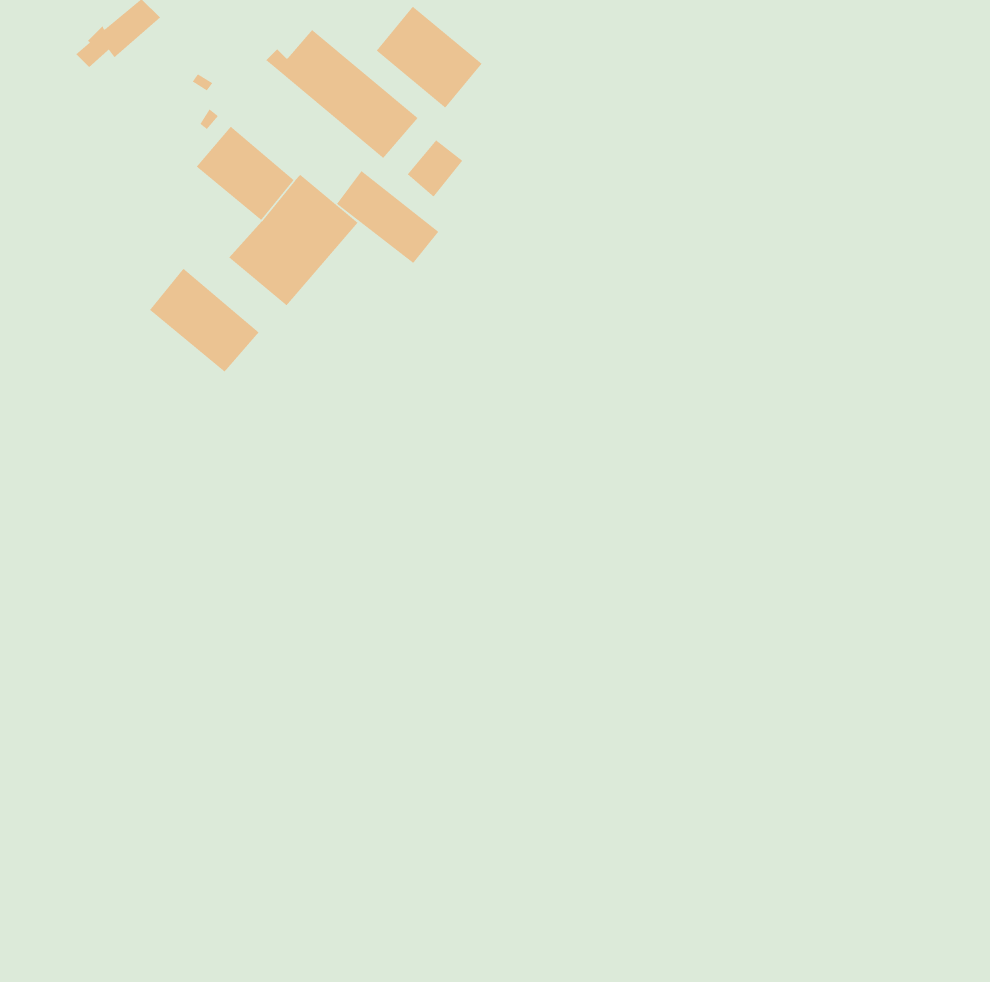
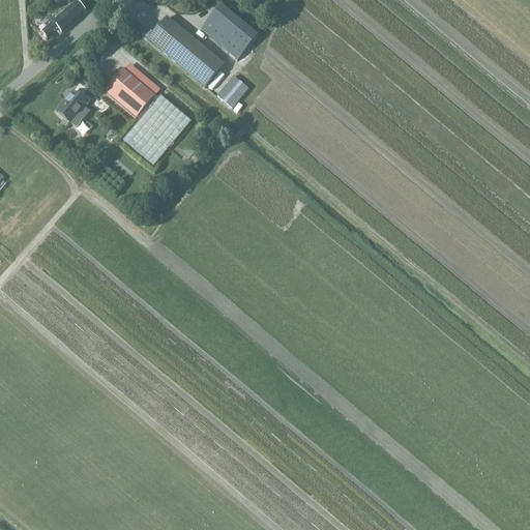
building: none -> [56,89,89,125]
building: [336,170,439,264] -> none
building: [149,268,259,373] -> none

